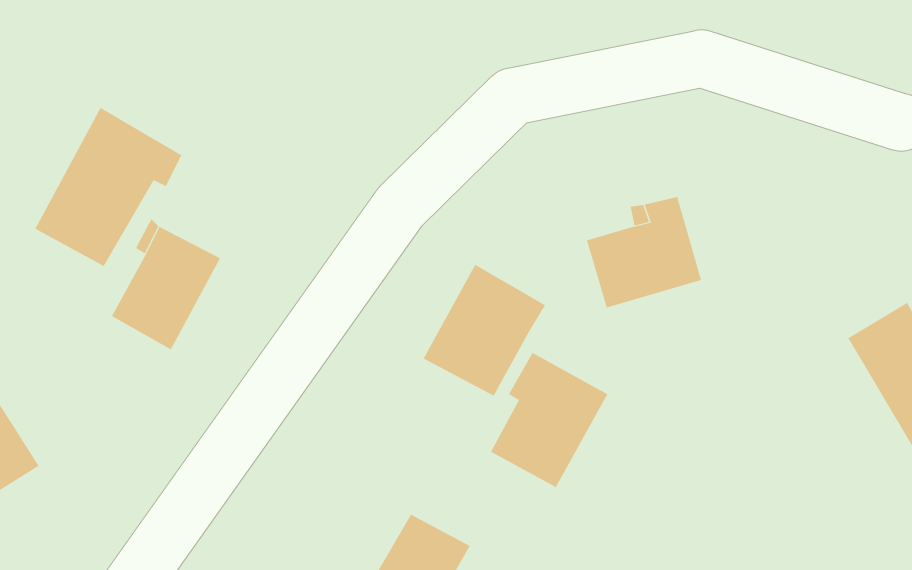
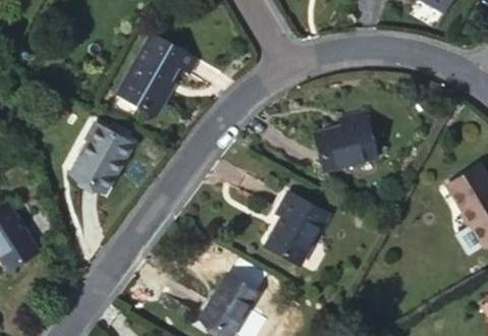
building: [34,107,182,267] -> [119,34,195,115]
building: [423,264,546,397] -> none

